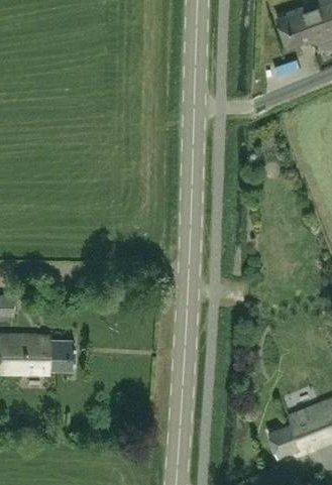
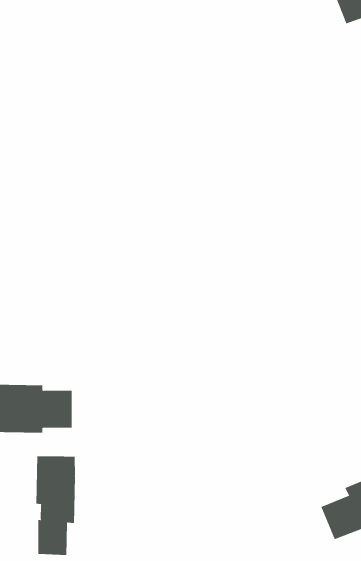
building: none -> [36,455,75,556]

